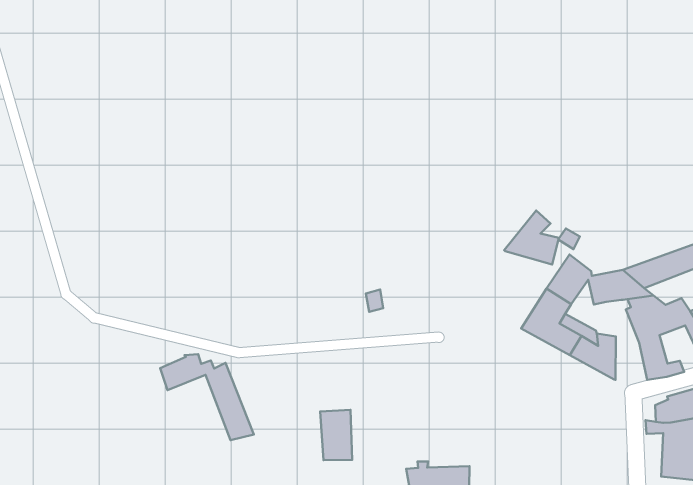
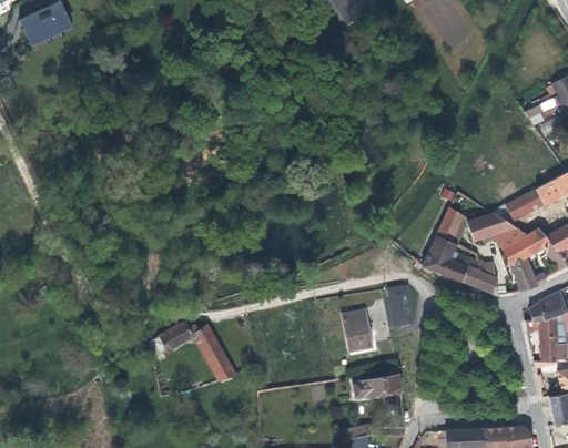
building: [504,211,559,265] -> none
building: none -> [389,286,414,327]
building: [320,410,352,460] -> [343,310,372,350]

